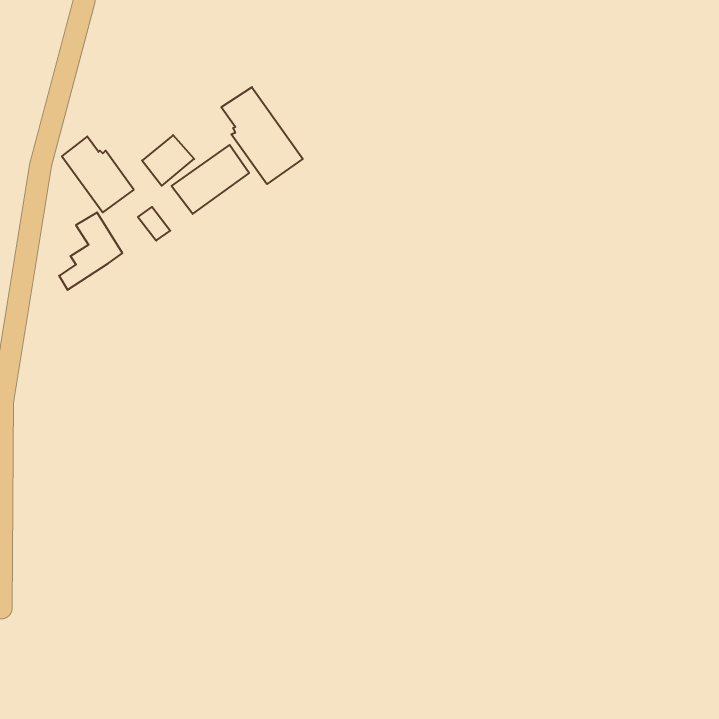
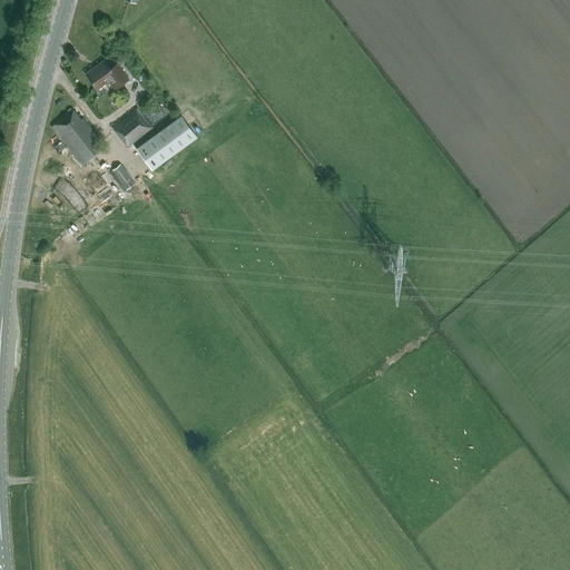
building: none -> [85,59,129,90]
building: [221,87,303,184] -> none

